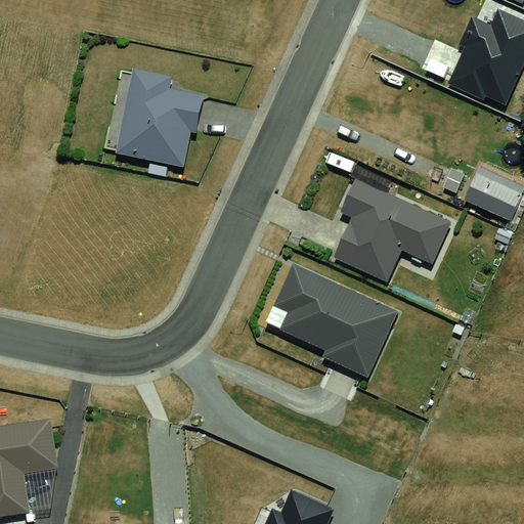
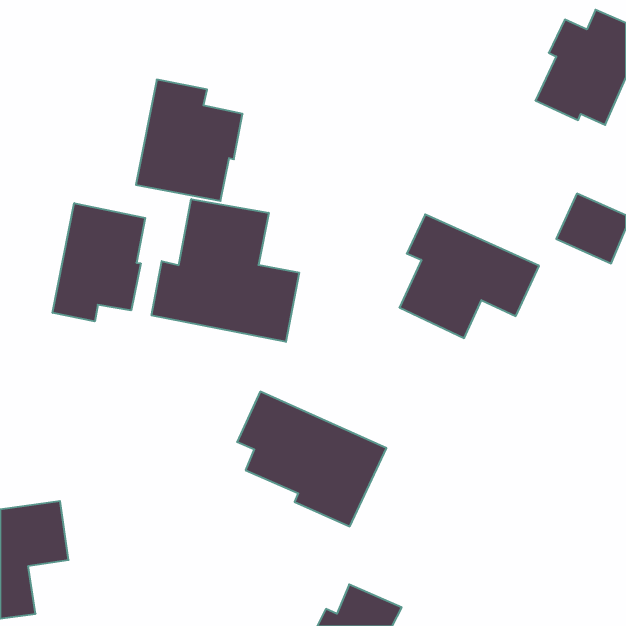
building: none -> [152,199,299,342]
building: none -> [53,203,145,321]
building: [273,264,398,377] -> [237,392,386,526]

